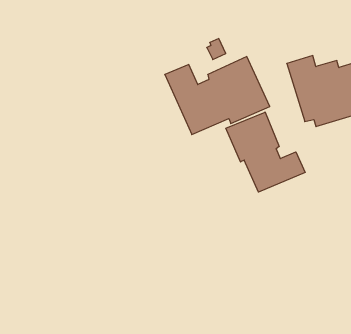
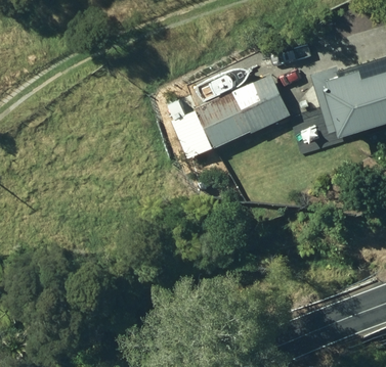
building: [226,112,305,192] -> none

